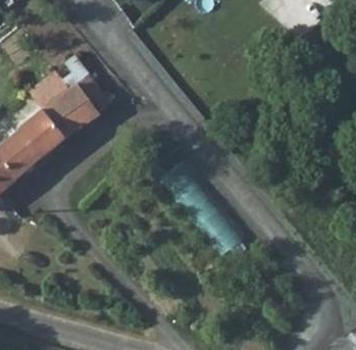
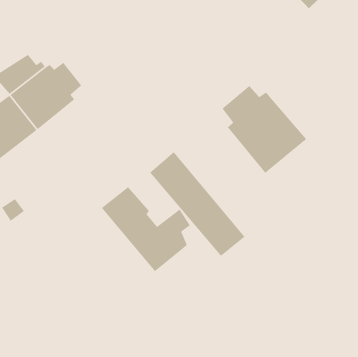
building: none -> [221,85,307,174]
building: none -> [101,186,191,272]

